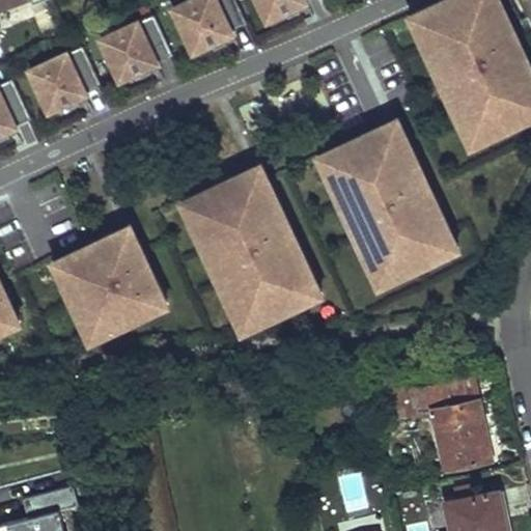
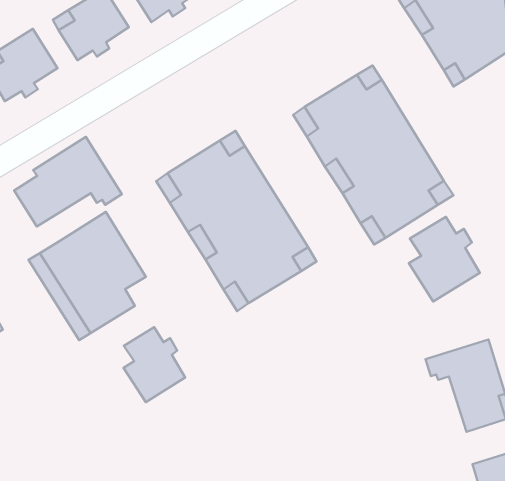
building: none -> [14,137,122,227]
building: none -> [409,217,480,302]
building: none -> [124,327,185,402]

